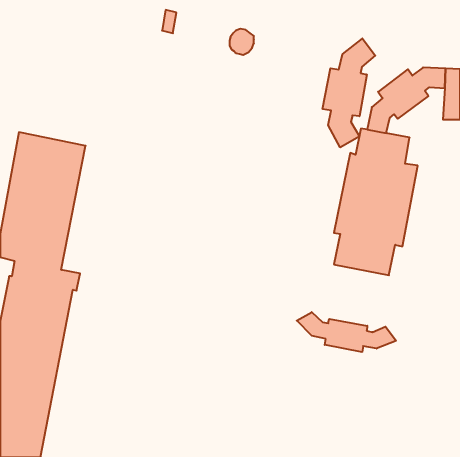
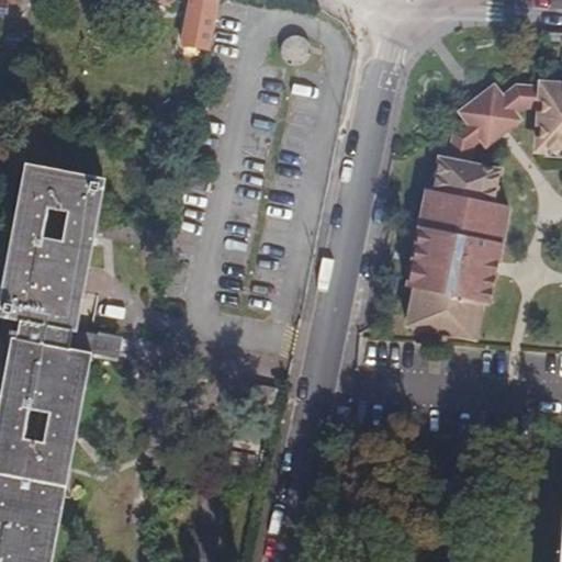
building: [323,38,375,147] -> none
building: [297,312,396,352] -> none

